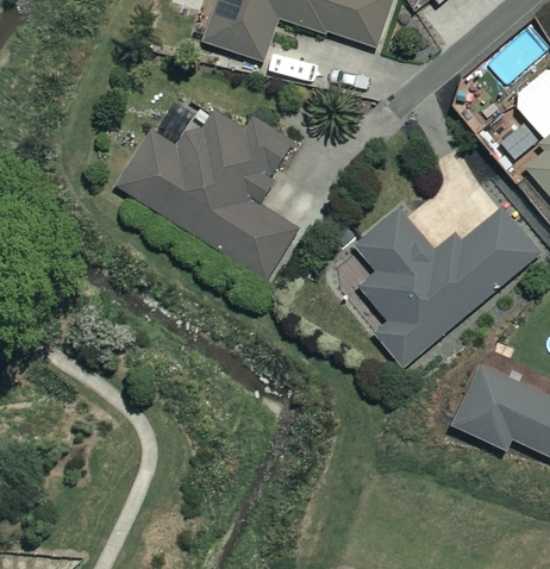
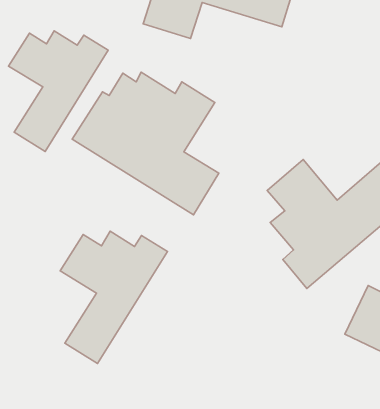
building: none -> [8,31,108,151]
building: none -> [60,231,168,364]

